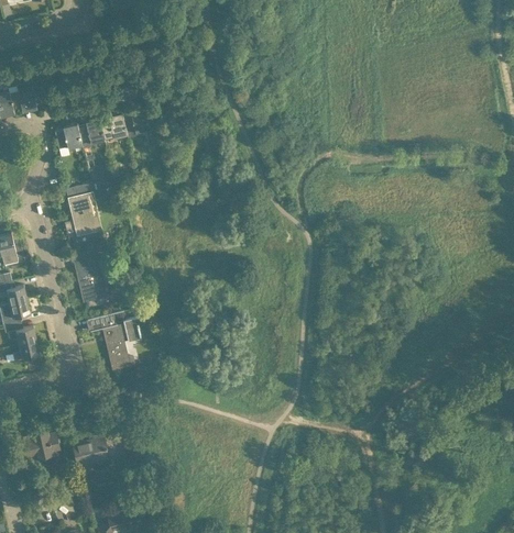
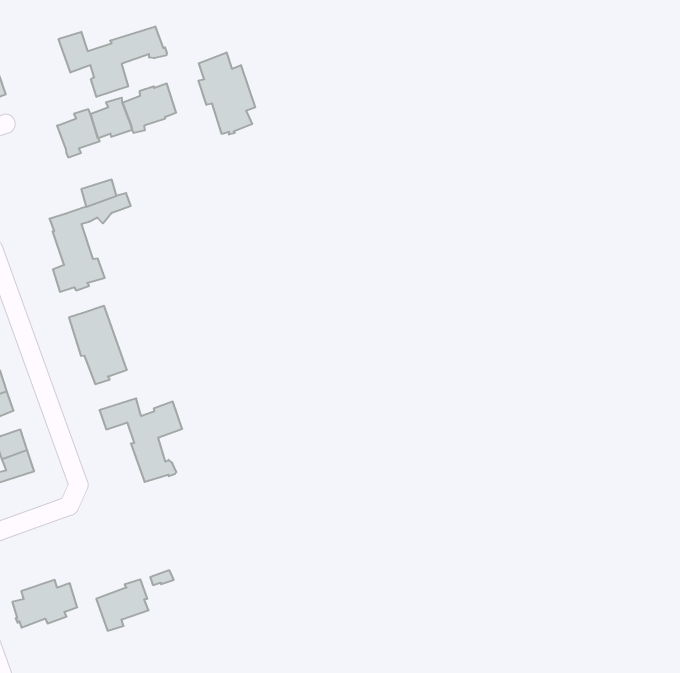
building: none -> [59,26,167,97]
building: none -> [198,52,255,135]
building: [55,123,81,148] -> none

